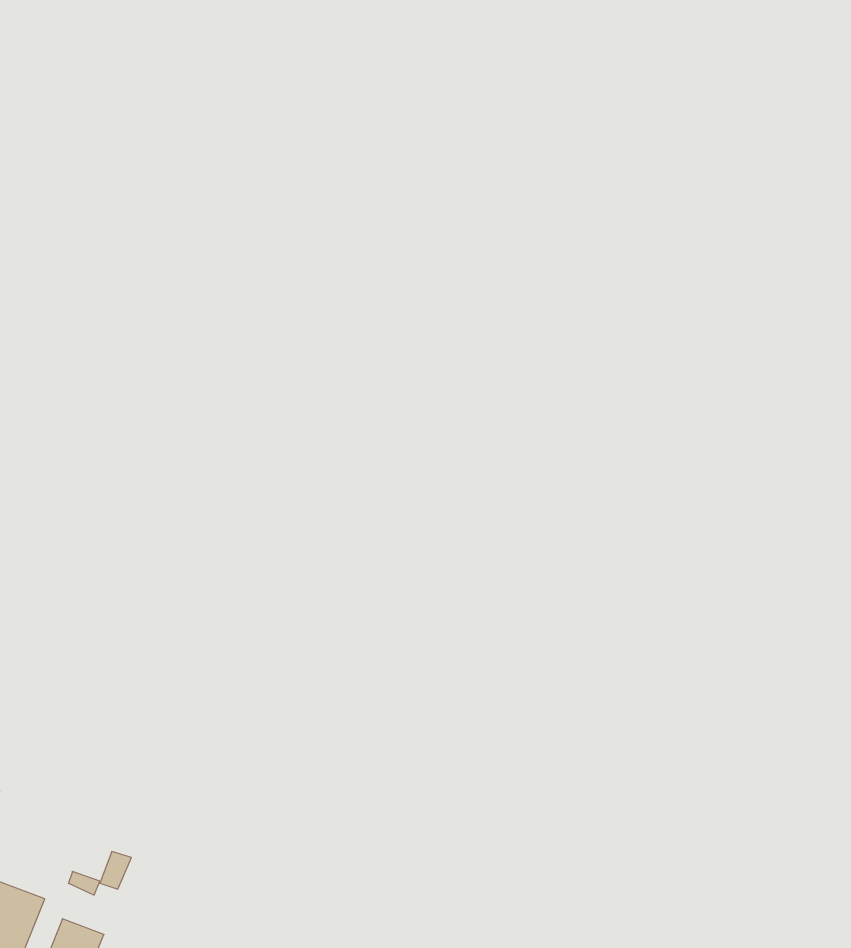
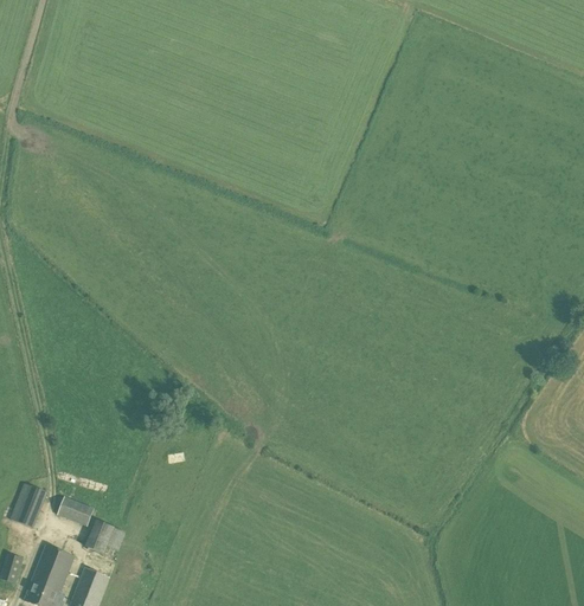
building: none -> [58,497,94,526]

